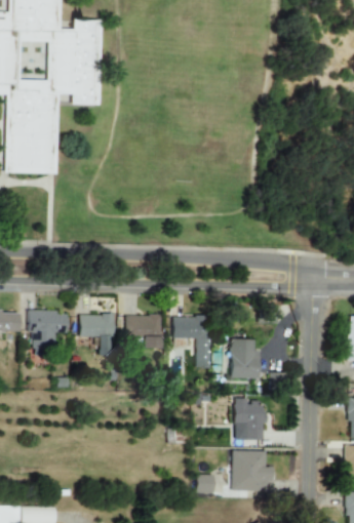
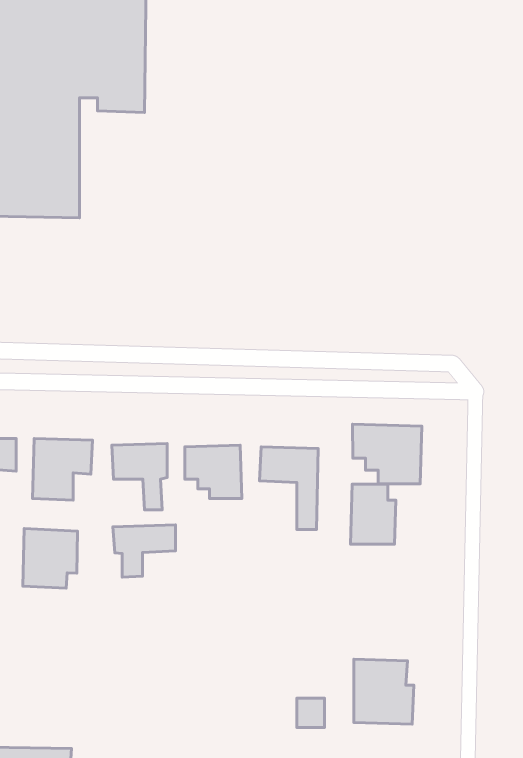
building: none -> [353,424,422,484]
building: none -> [113,525,176,577]
building: none -> [23,529,78,588]
building: [235,398,265,440] -> none

